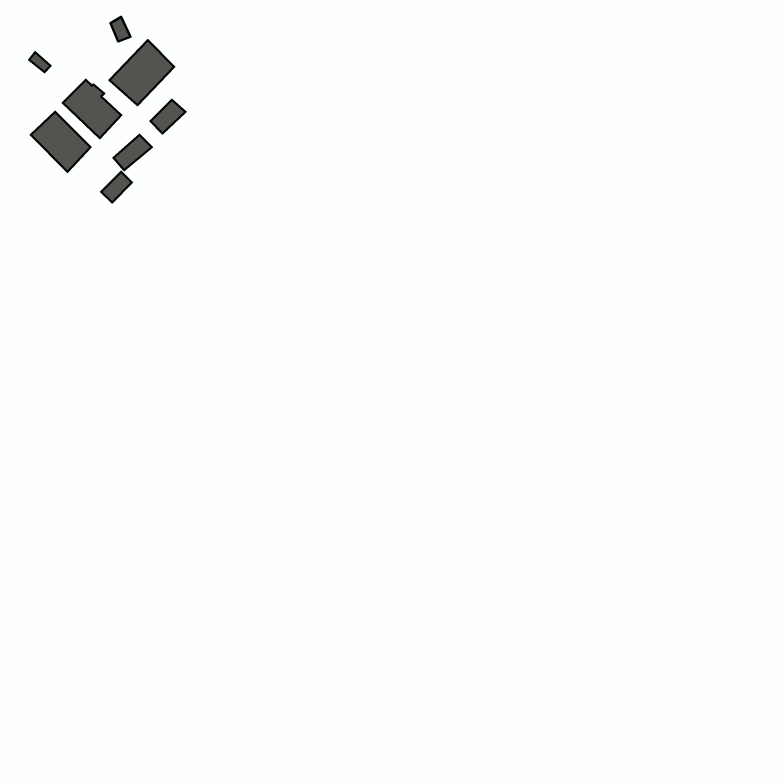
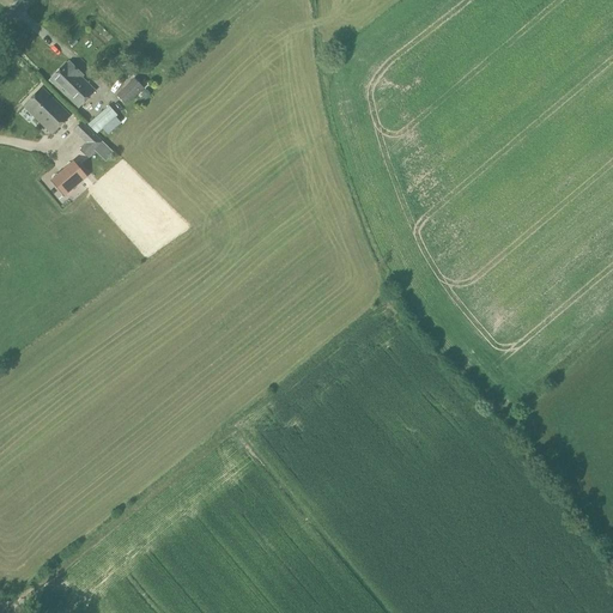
building: [109,40,174,105] -> none
building: none -> [51,160,87,195]

